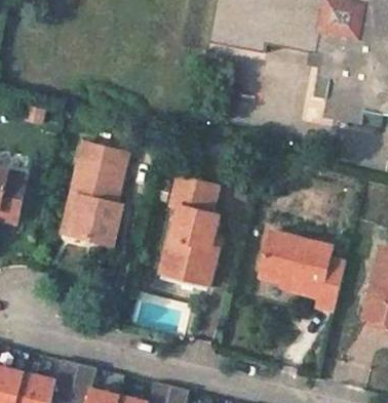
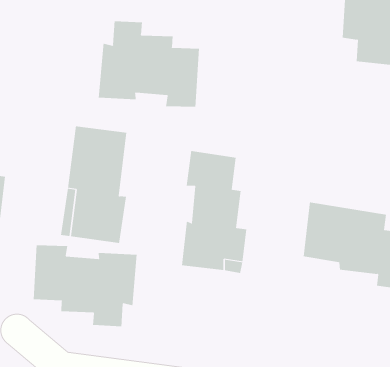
building: none -> [98,20,200,107]
building: none -> [33,244,137,327]

